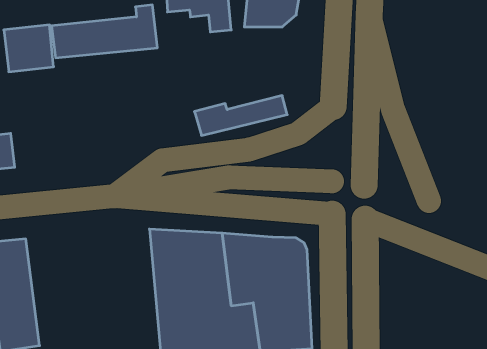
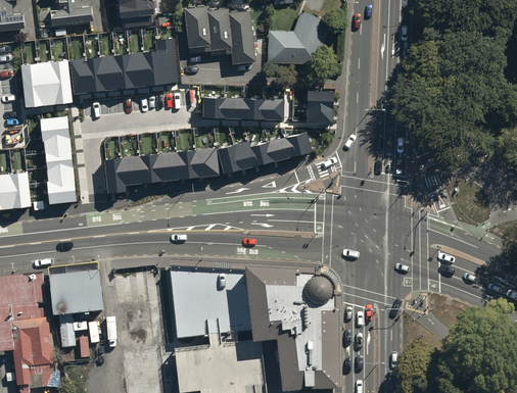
building: none -> [304,88,332,124]
building: none -> [201,96,283,120]
building: none -> [39,114,76,203]
building: none -> [103,147,218,193]
building: none -> [49,274,102,349]

